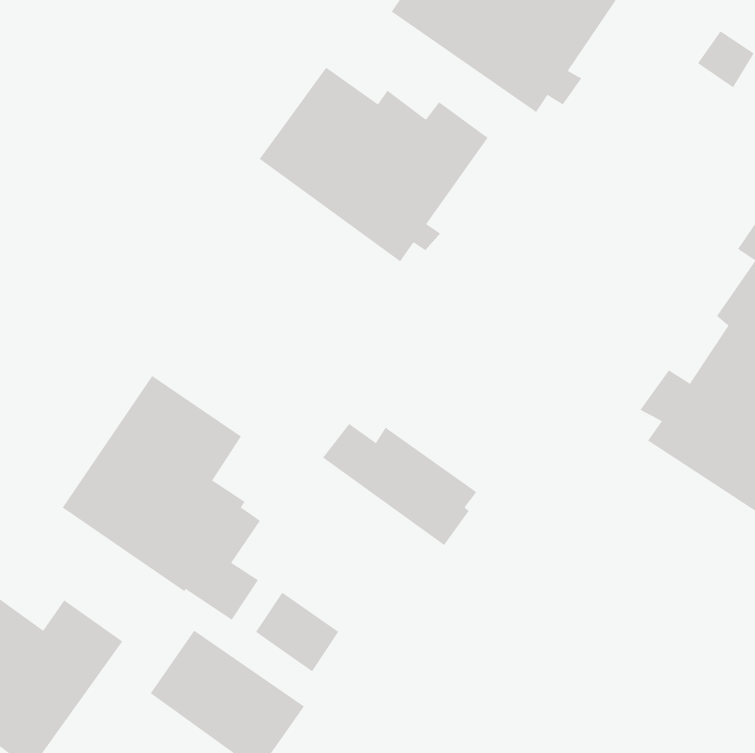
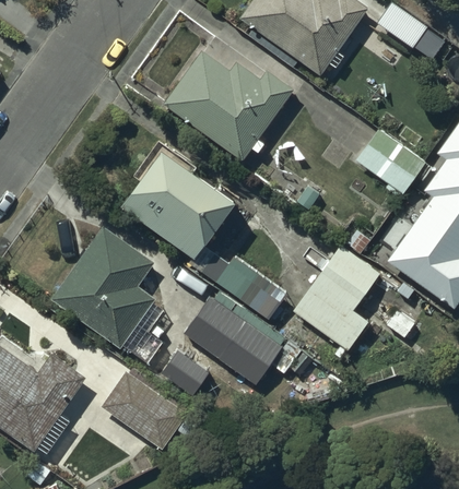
building: none -> [355,130,424,200]
building: none -> [117,138,235,258]
building: none -> [292,243,380,353]
building: none -> [183,294,302,389]

